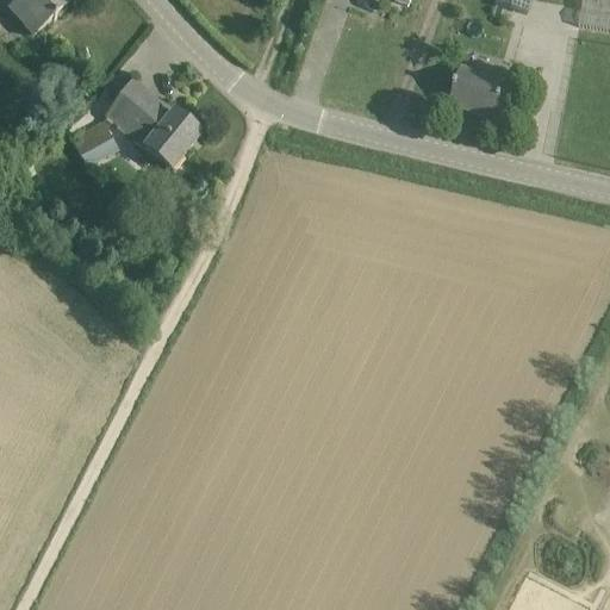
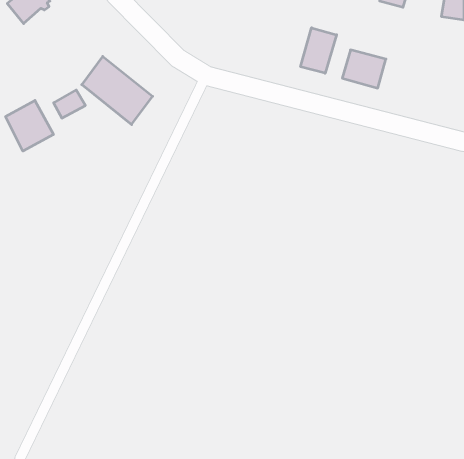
building: none -> [301,28,337,73]
building: none -> [6,100,53,151]

